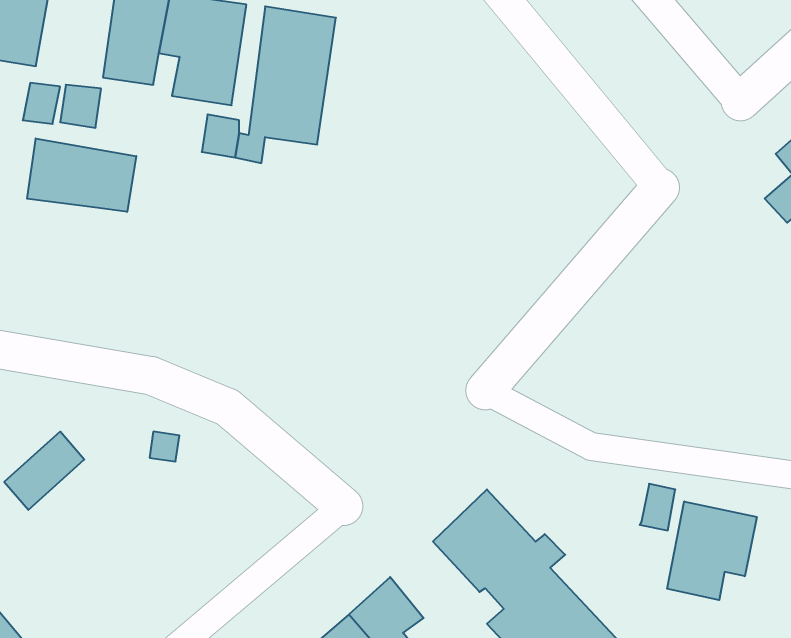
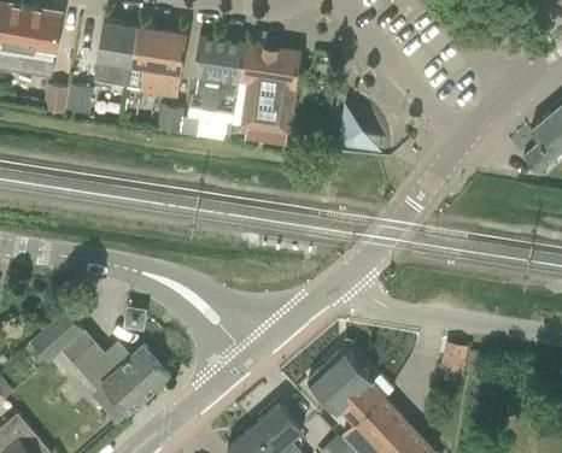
building: none -> [234,43,302,149]
building: none -> [338,111,387,151]
building: [27,138,136,212] -> none
building: none -> [72,342,171,425]
building: [667,501,757,600] -> none

